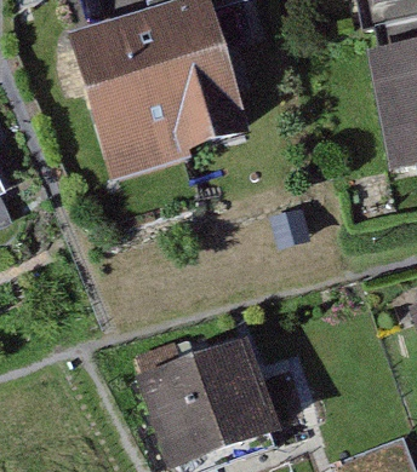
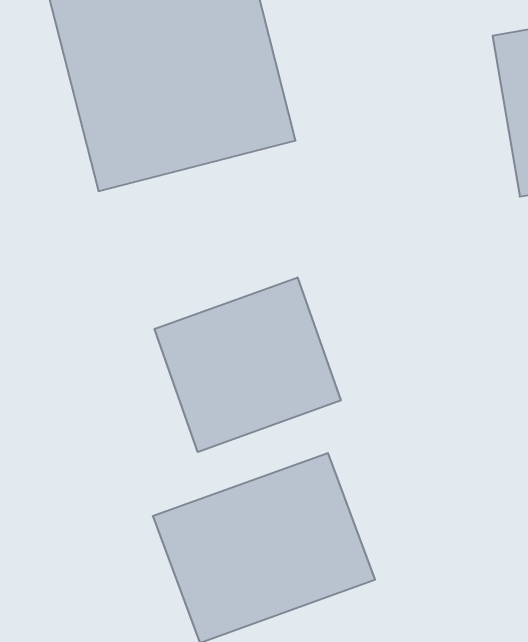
building: none -> [155,277,341,452]

